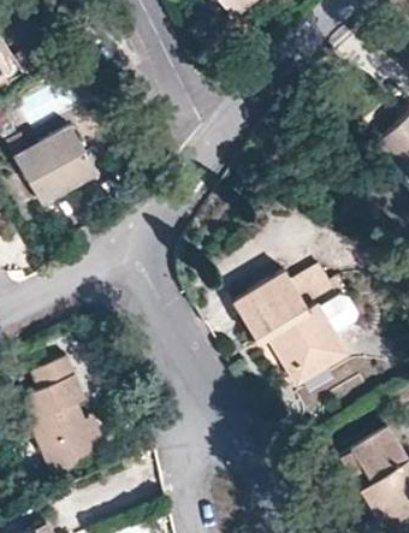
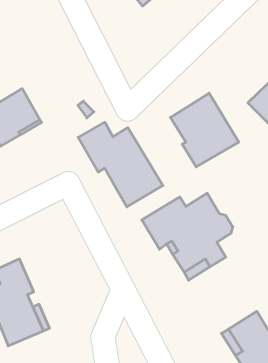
building: none -> [170,93,239,167]
building: none -> [78,122,163,207]

